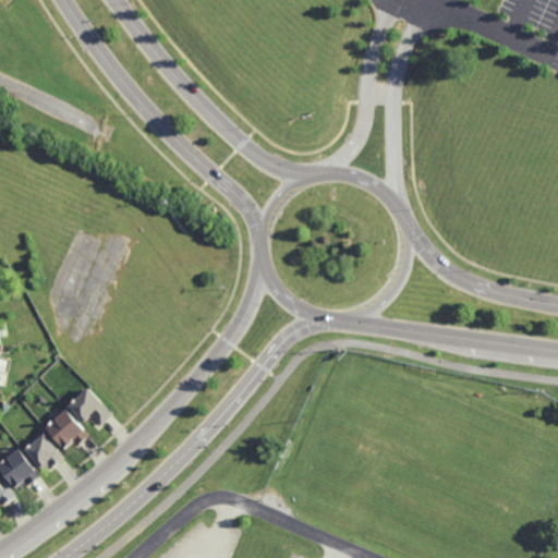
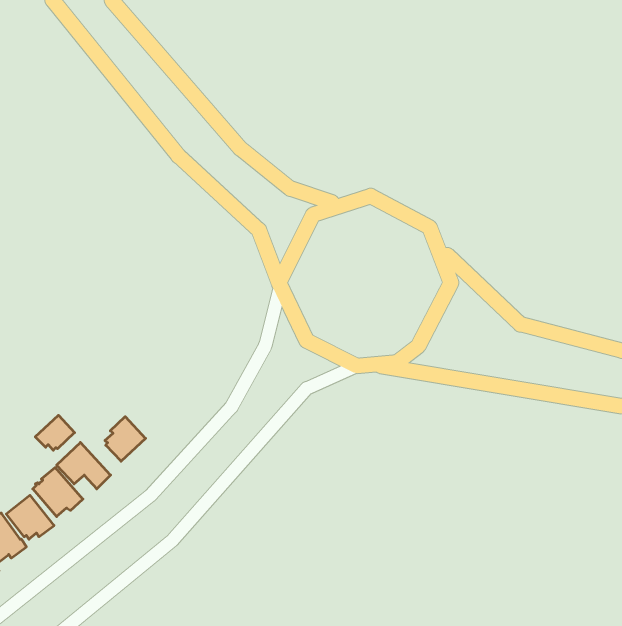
building: none -> [35,415,75,450]
building: none -> [105,417,146,461]

